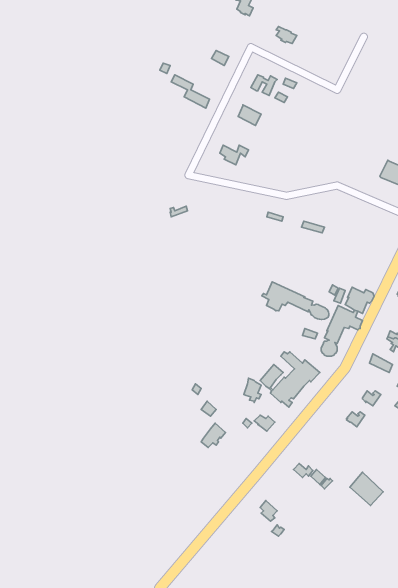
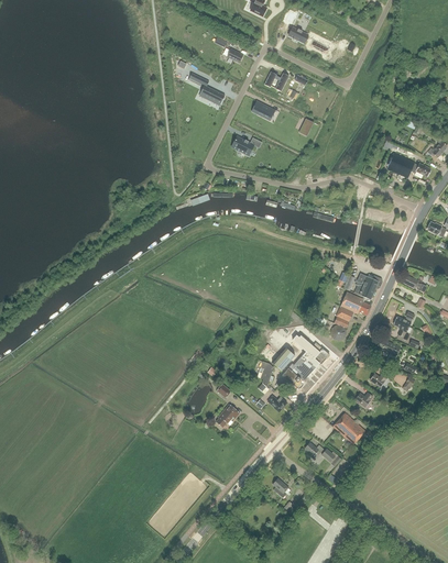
building: [262,282,329,319] -> none
building: [350,472,383,506] -> [332,412,364,444]

